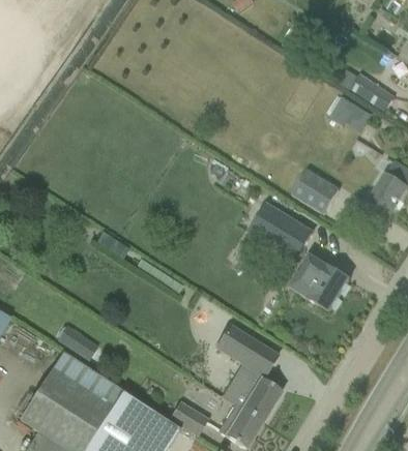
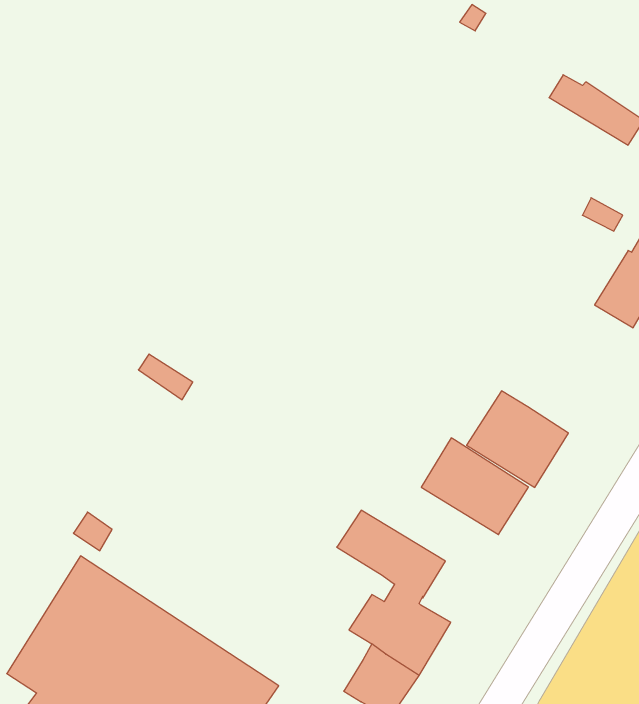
building: [329,95,371,131] -> none
building: [291,169,339,214] -> none
building: [251,193,314,250] -> [421,438,528,535]
building: [169,401,206,434] -> none

